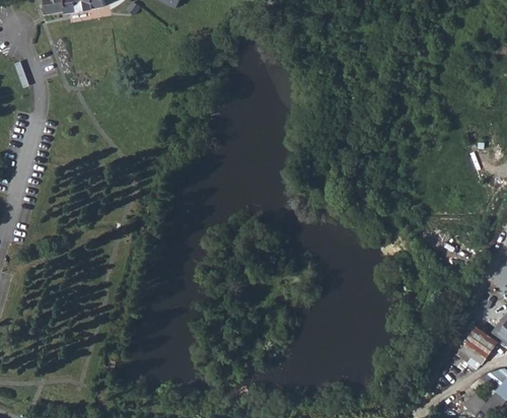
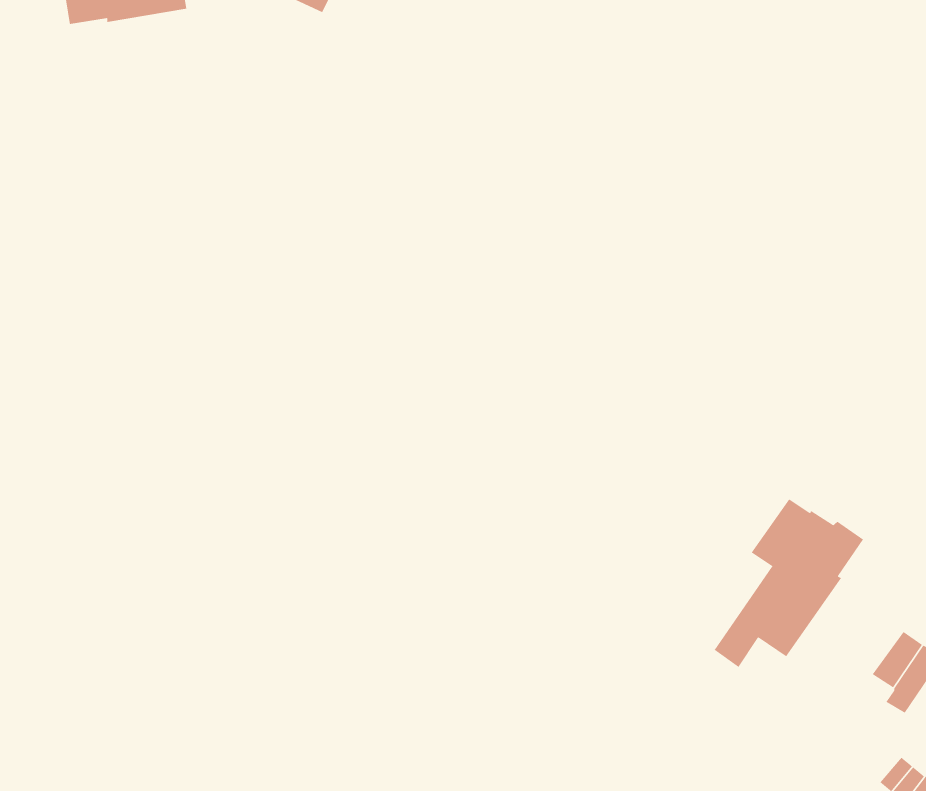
building: none -> [714,499,864,668]

